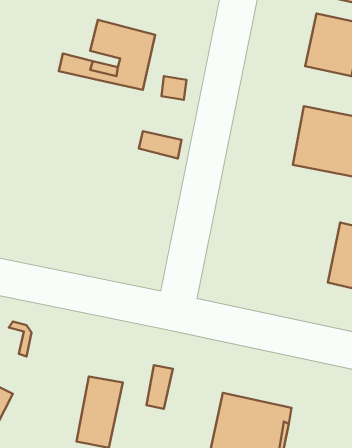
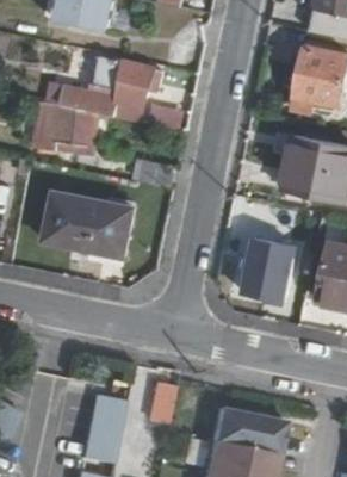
building: none -> [42,103,93,143]
building: none -> [43,190,132,256]
building: none -> [244,241,297,302]

